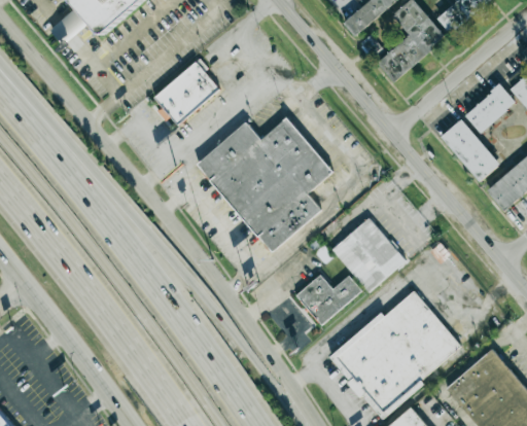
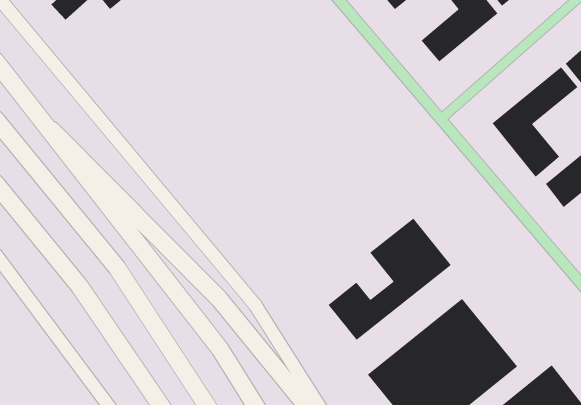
building: [153,59,220,122] -> none
building: [197,116,332,252] -> none

